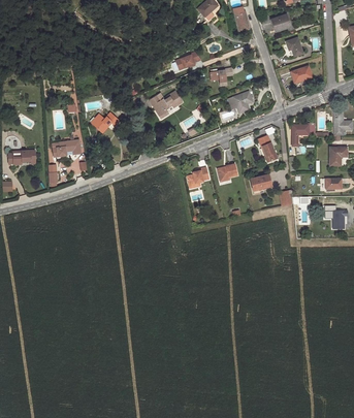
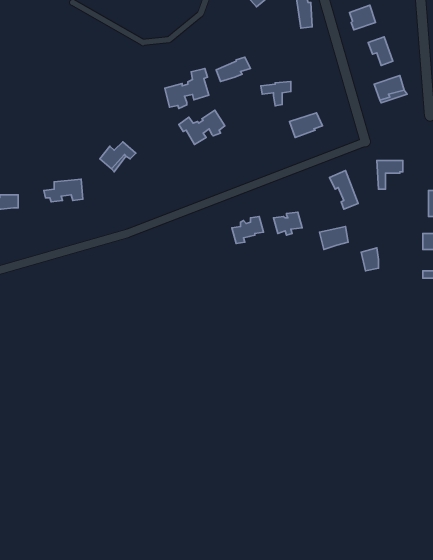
building: none -> [165,69,209,109]

